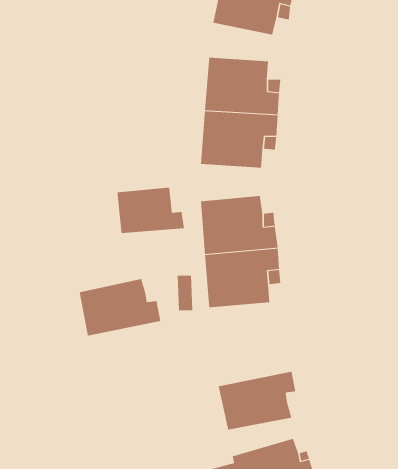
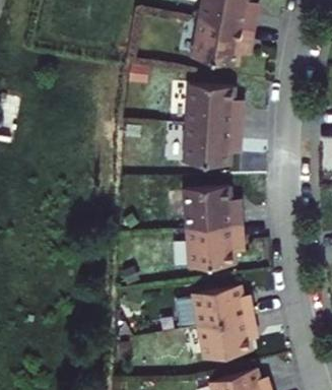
building: [117,187,184,234] -> none
building: [79,279,161,336] -> [190,283,251,326]

